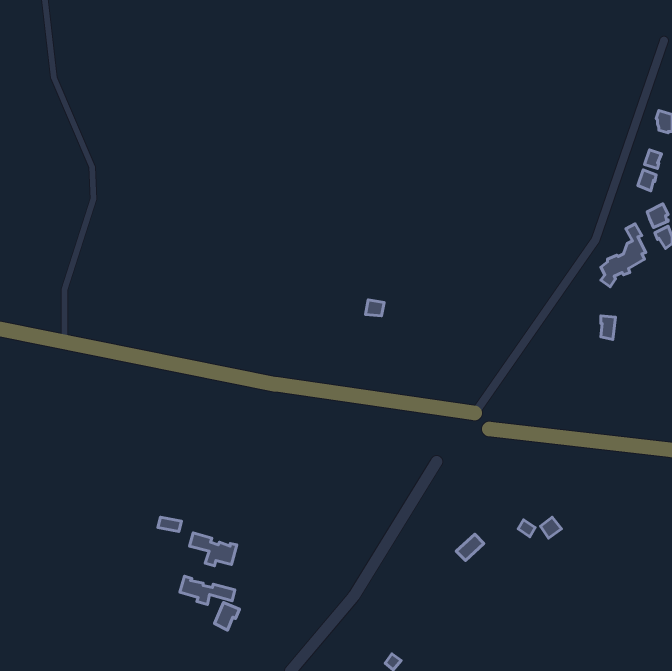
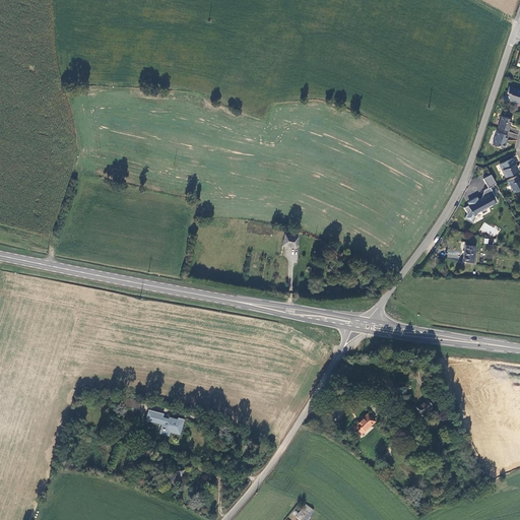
building: [180,576,235,604] -> none

